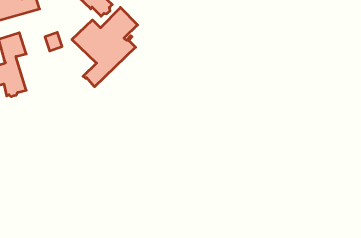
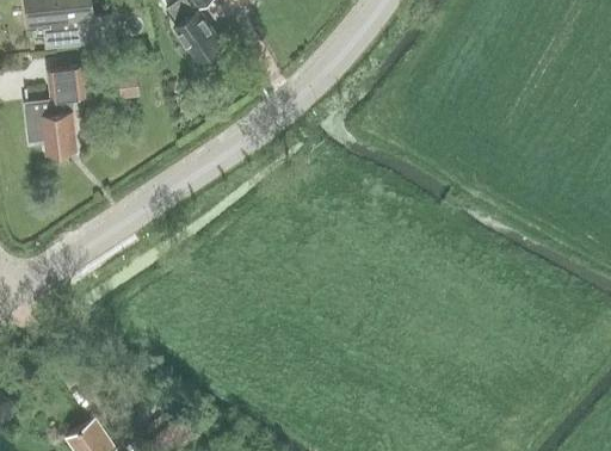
building: [72,7,138,87] -> none

